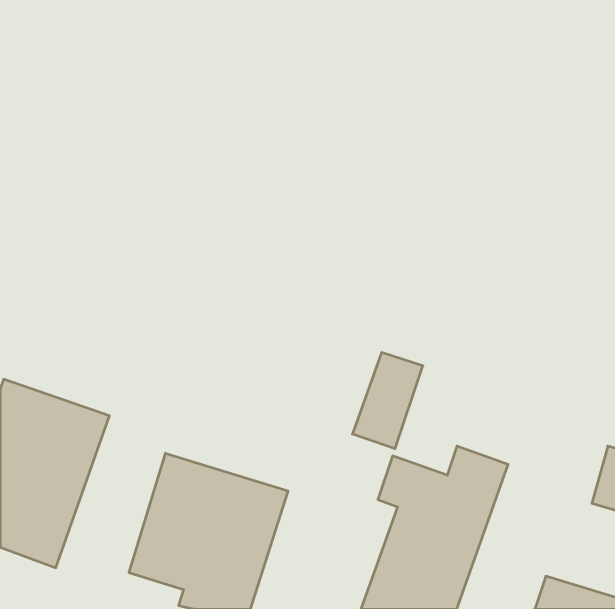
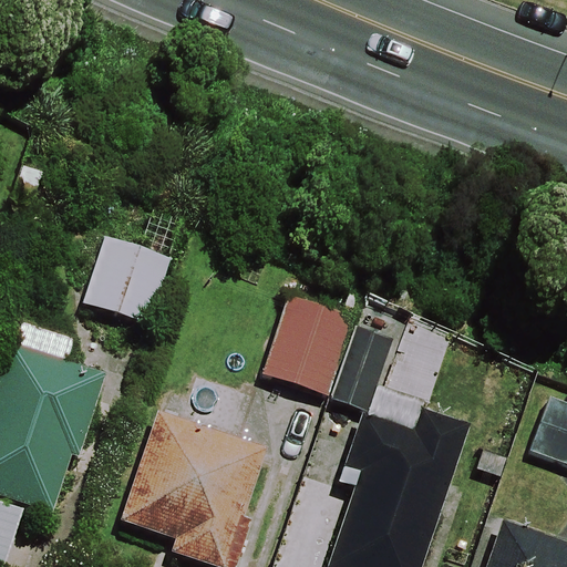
building: none -> [83,236,168,323]
building: none -> [260,298,353,395]

